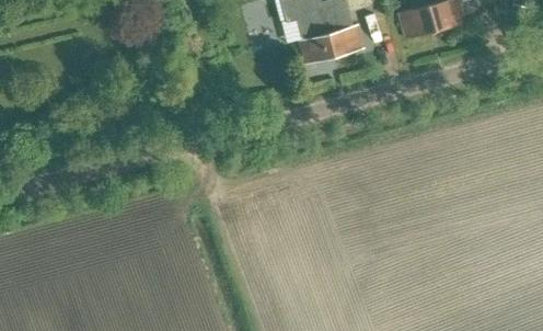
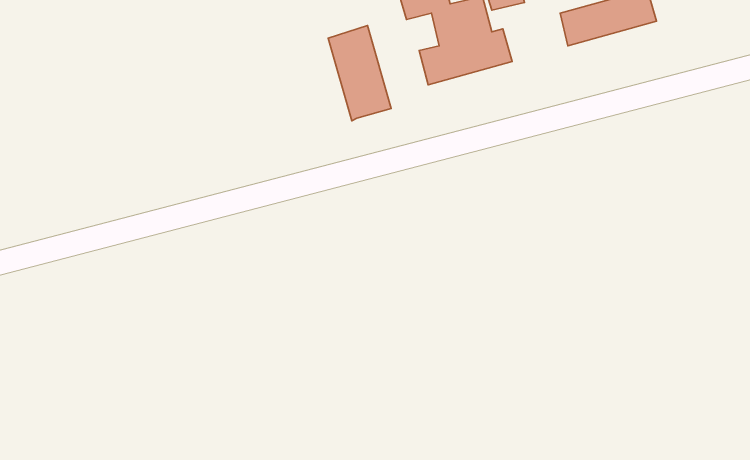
building: none -> [328,26,391,121]

